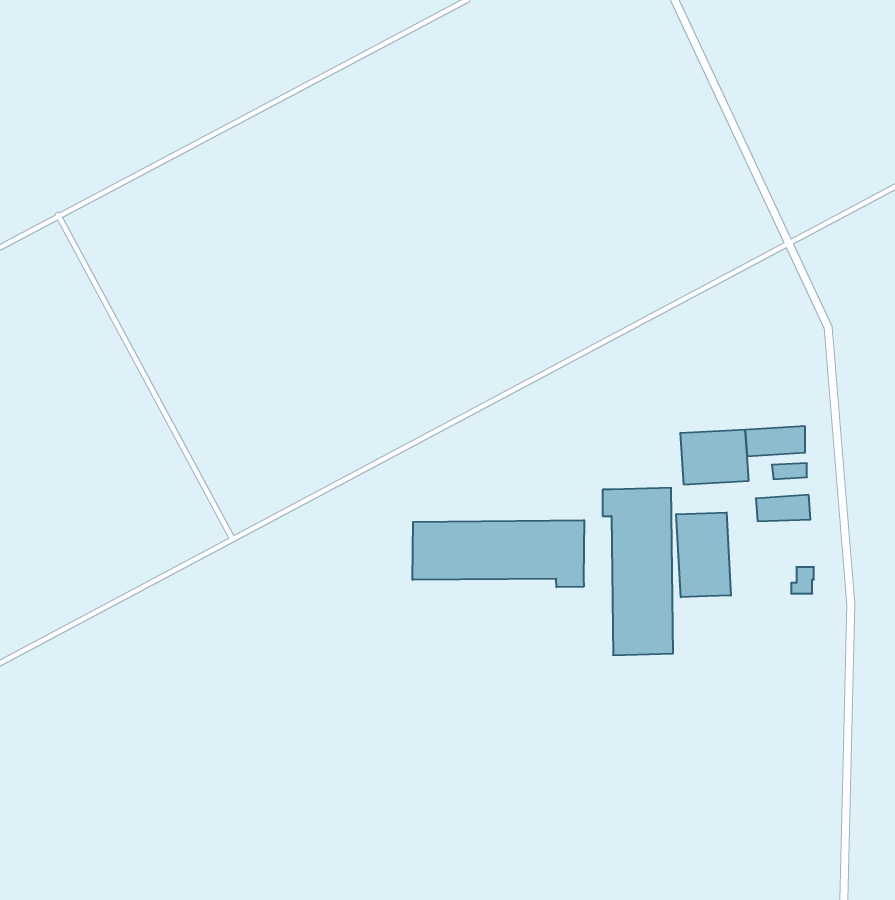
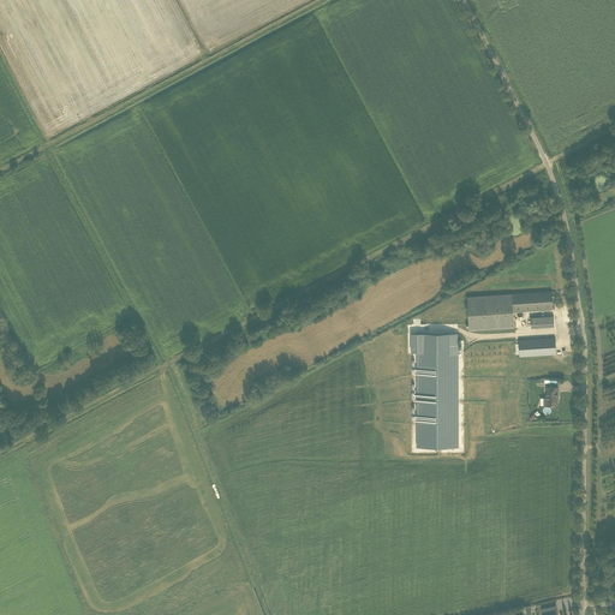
building: [676,512,731,597] -> none
building: [413,520,584,587] -> none

